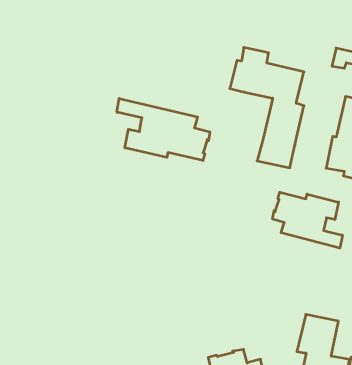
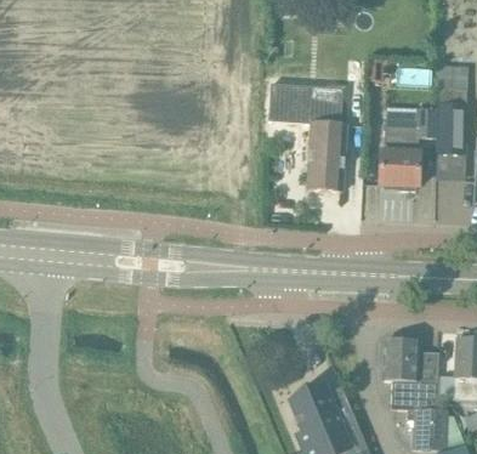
building: [117,98,210,161] -> none
building: [273,192,342,248] -> none

